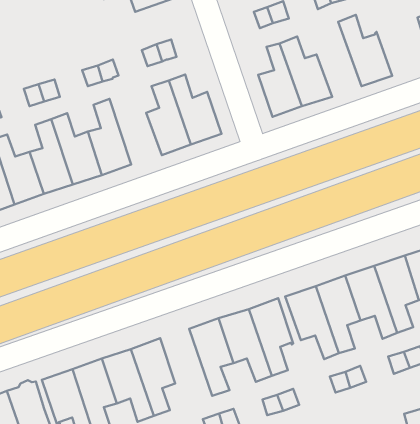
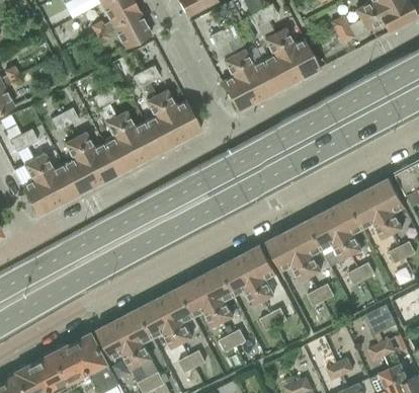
building: none -> [262,33,299,89]
building: none -> [115,110,160,161]
building: none -> [179,276,224,328]

